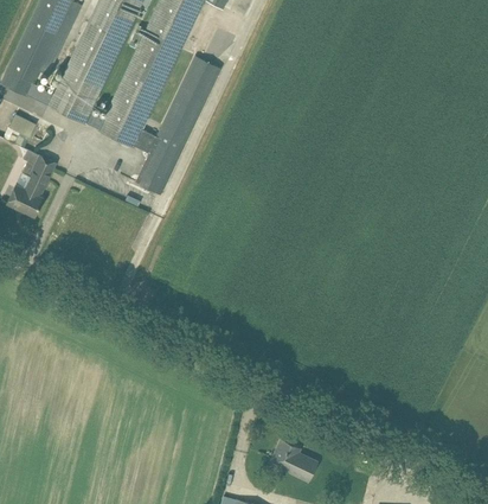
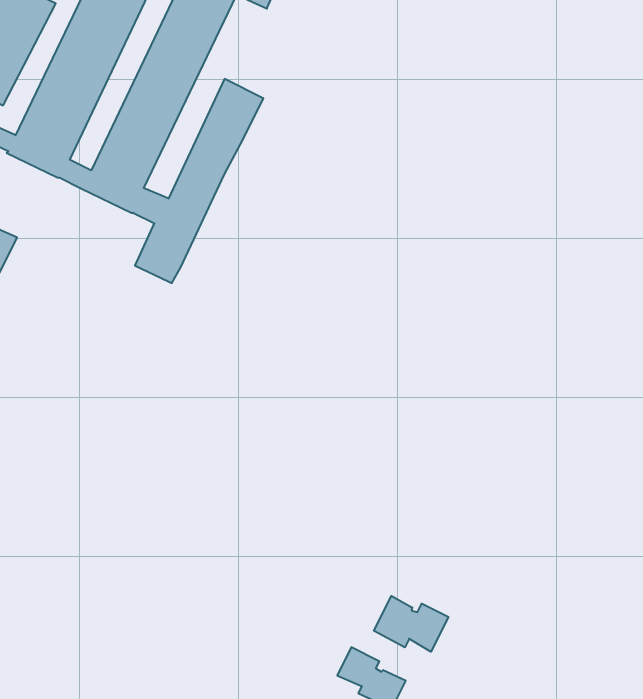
building: none -> [374,596,448,652]

